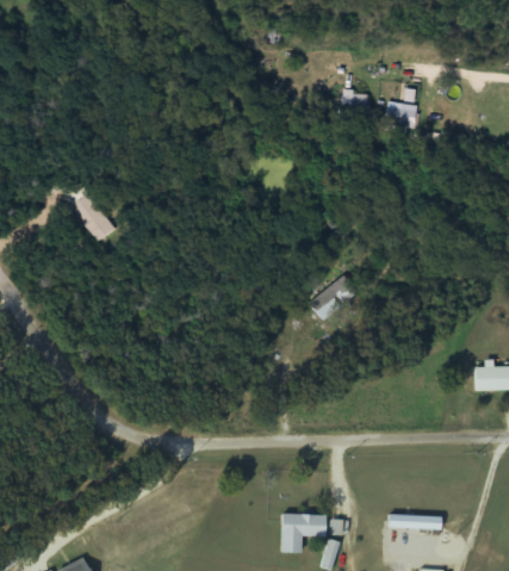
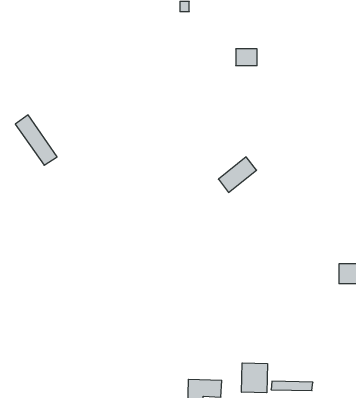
building: [384,103,421,135] -> none
building: [310,273,359,318] -> [218,157,257,192]
building: none -> [242,363,267,393]

